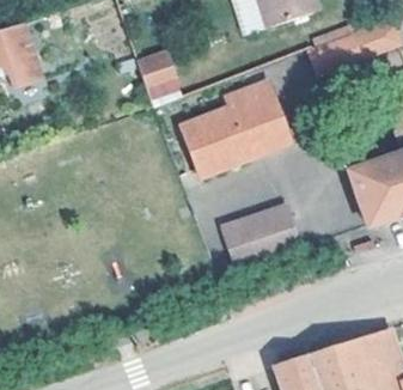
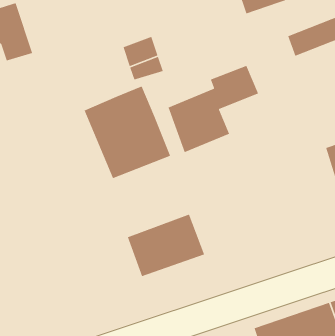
building: none -> [83,86,171,179]
building: [238,115,289,158] -> none
building: [218,205,301,273] -> [127,213,205,277]

